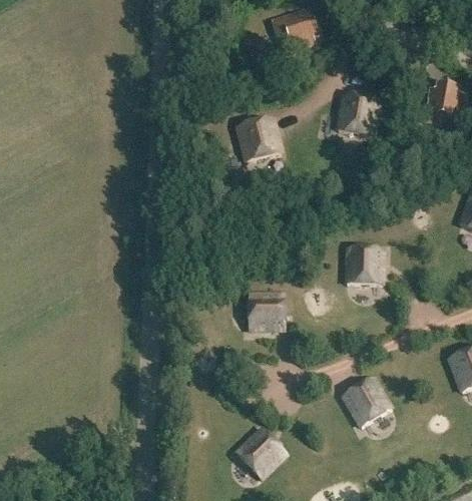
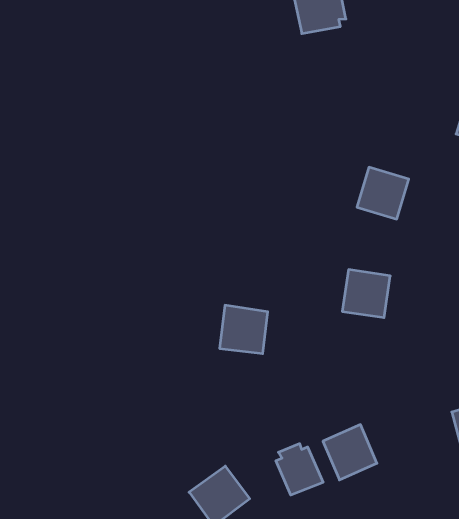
building: [338,94,379,135] -> [357,167,409,219]
building: [238,117,281,160] -> none
building: none -> [276,444,323,495]

